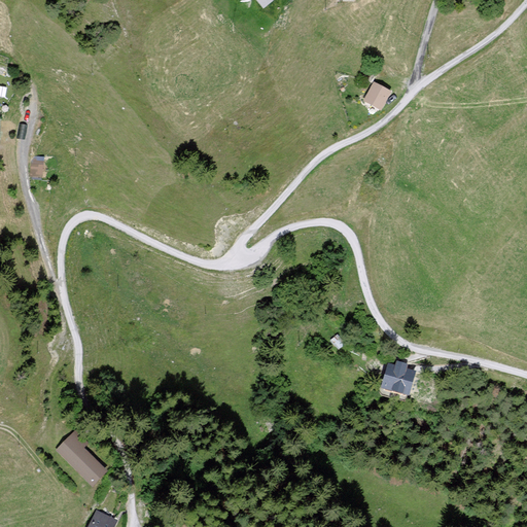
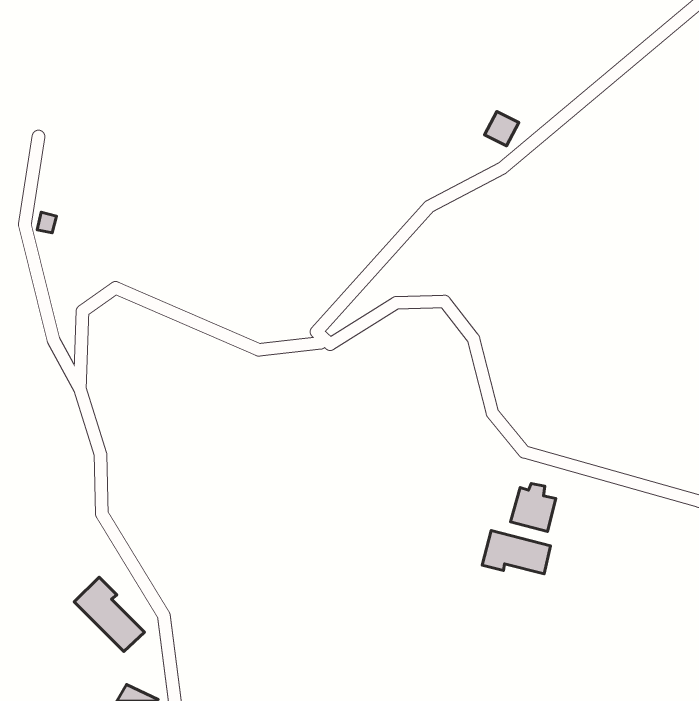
building: none -> [482,531,550,574]

